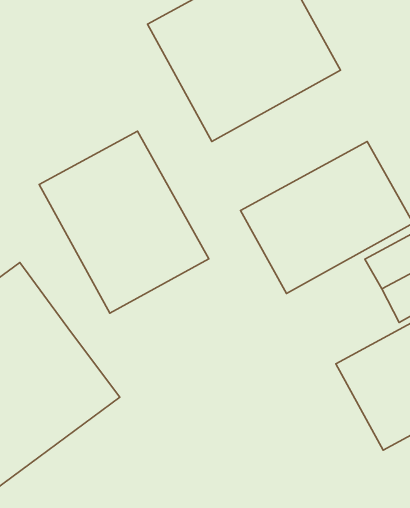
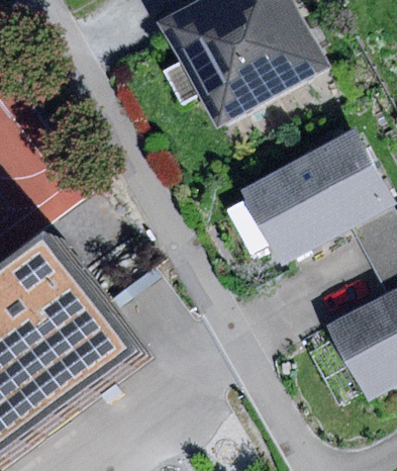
building: [39,131,209,313] -> none

